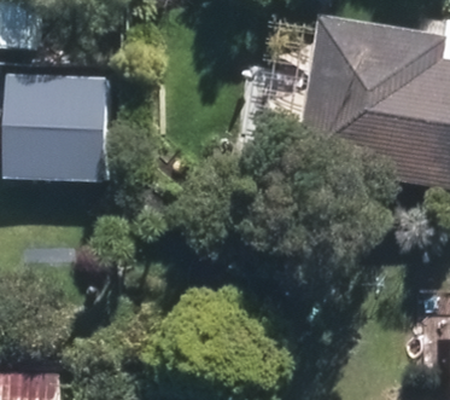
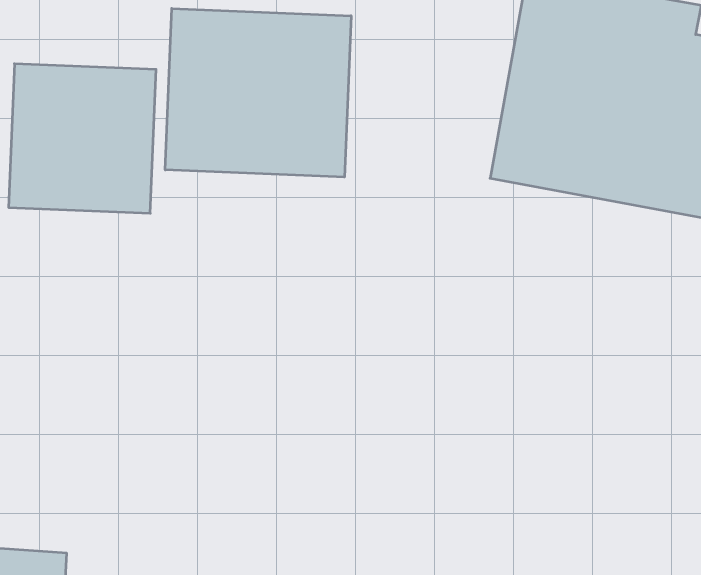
building: none -> [165,8,351,177]

